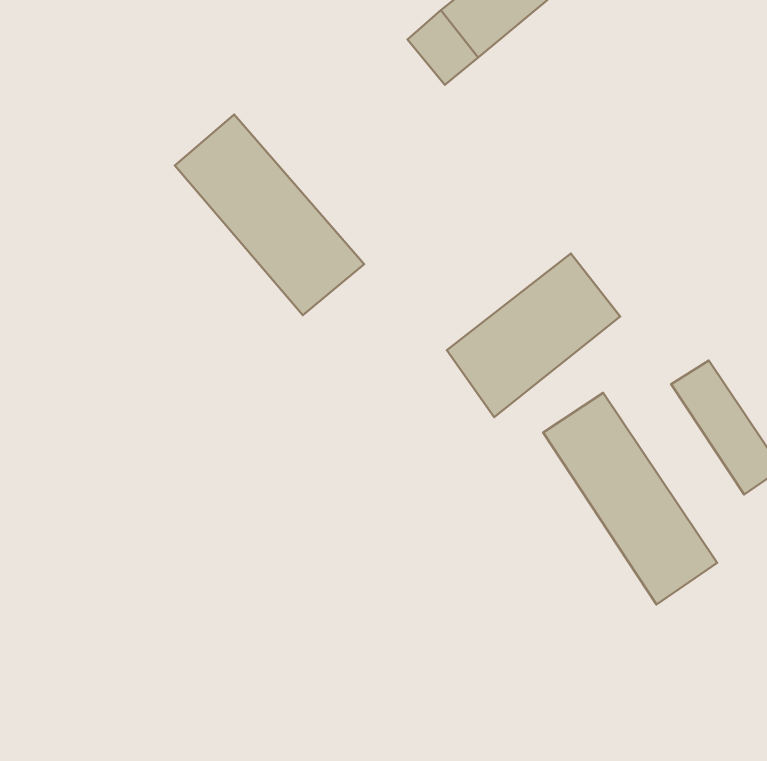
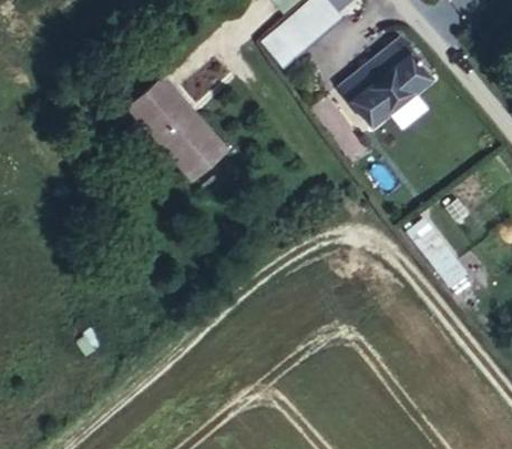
building: [447,254,620,417] -> [335,42,432,134]
building: [543,393,717,604] -> none

